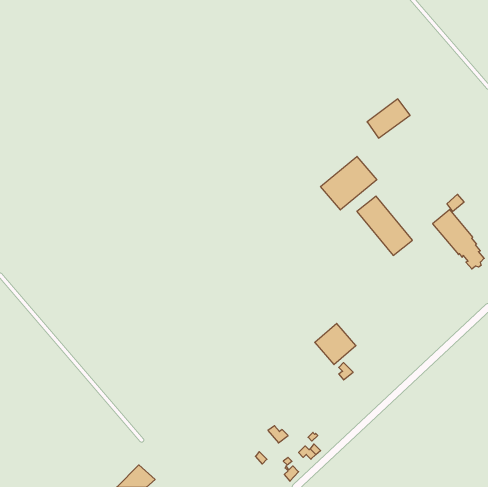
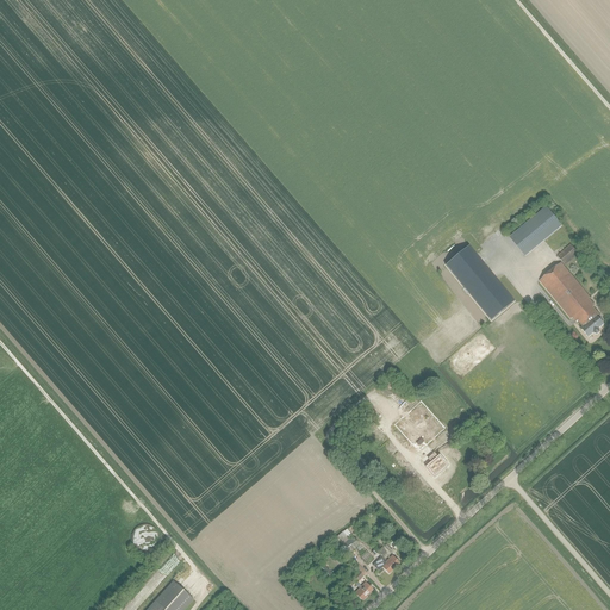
building: [367,99,410,138] -> [508,205,561,254]
building: [321,156,377,210] -> none

